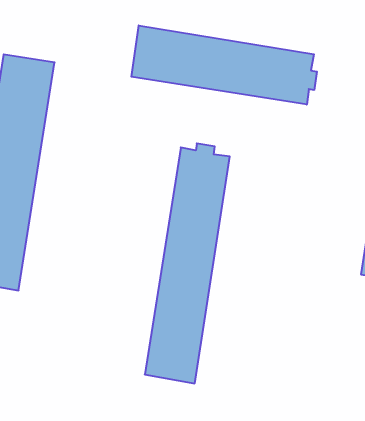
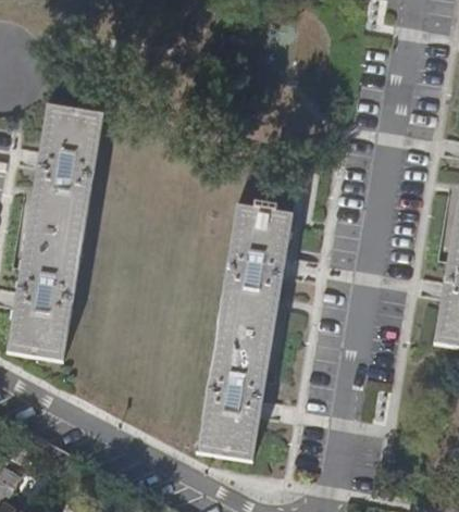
building: [131,25,317,105] -> none

